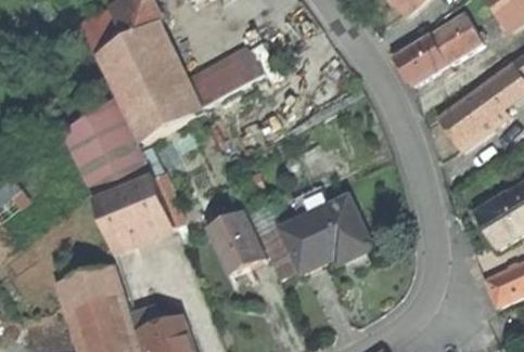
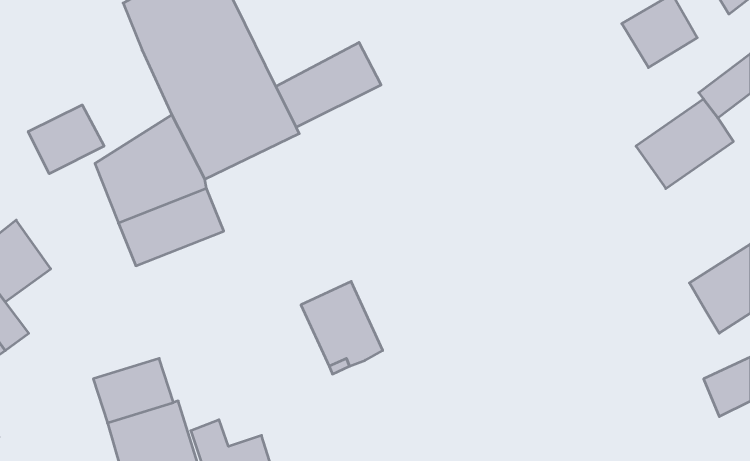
building: [393,32,448,84] -> none
building: none -> [28,105,104,174]
building: [94,175,175,249] -> none
building: [279,195,371,271] -> none

